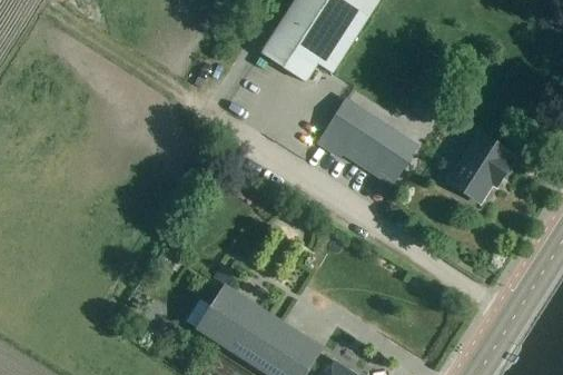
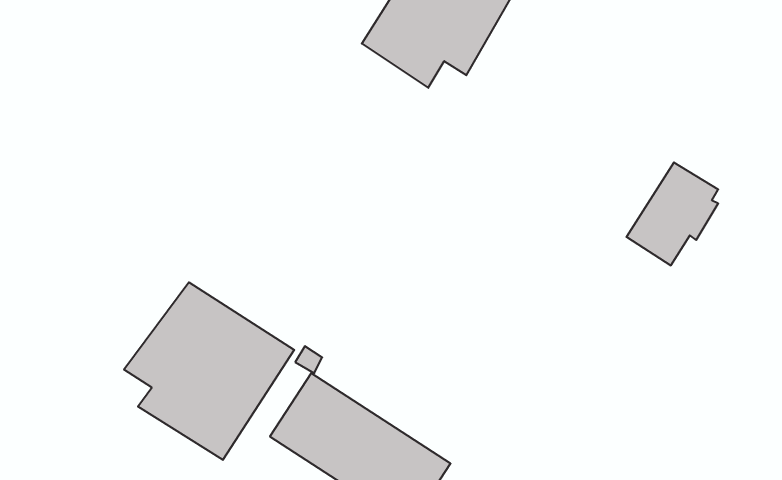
building: [319,107,414,186] -> none
building: none -> [124,282,294,460]

